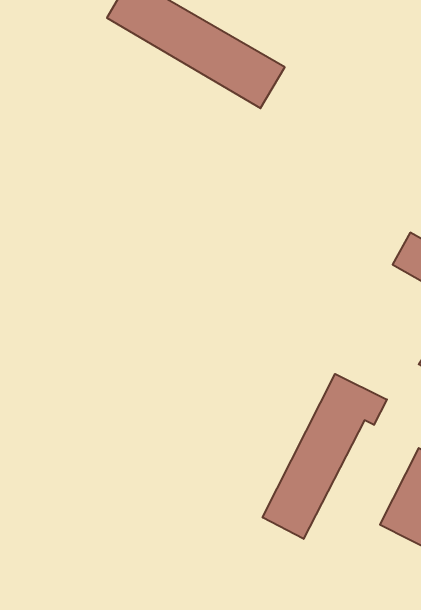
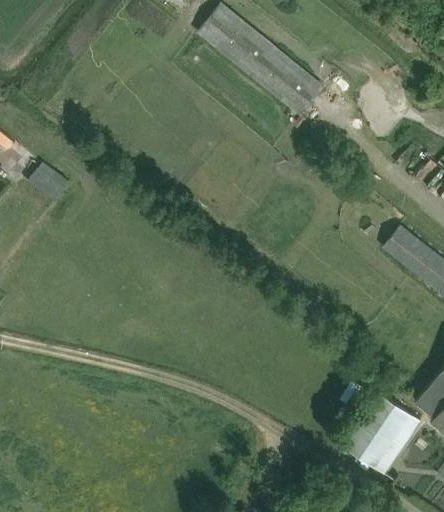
building: [263,374,387,539] -> none

